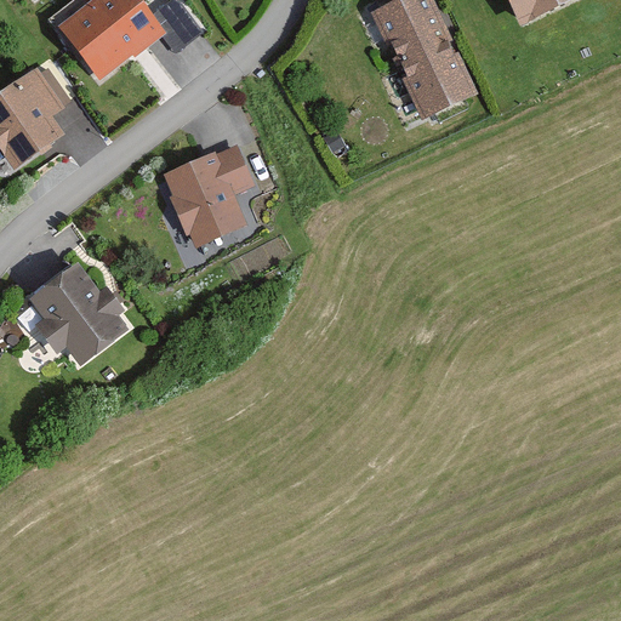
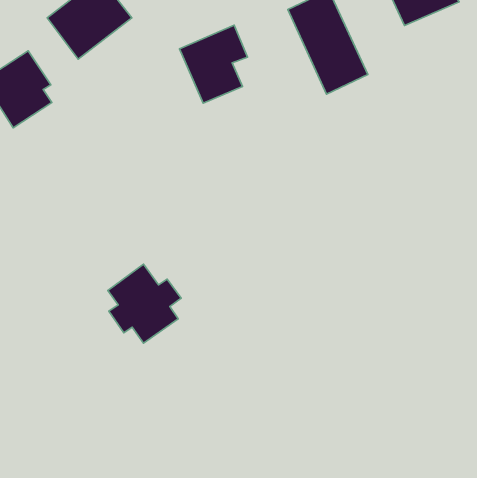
building: [163,141,250,241] -> [180,25,247,103]
building: [33,263,127,365] -> [108,264,181,343]

